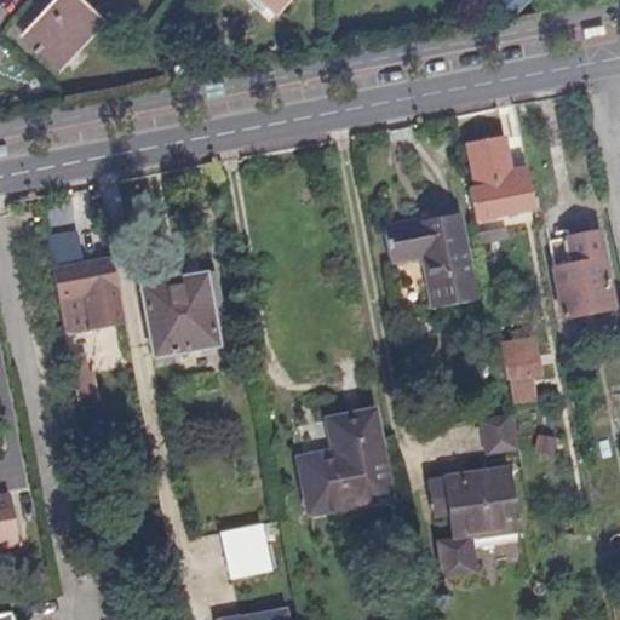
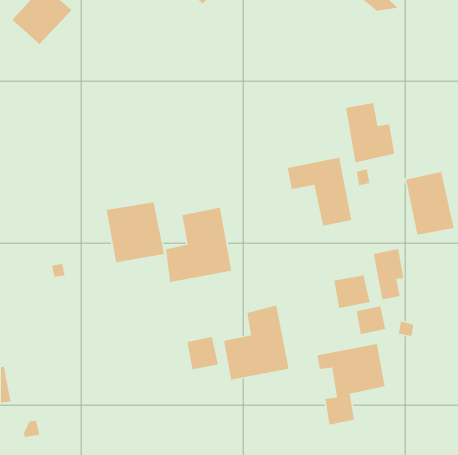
building: [46,231,126,332] -> none
building: none -> [165,207,232,283]
building: none -> [333,275,370,309]
building: [224,523,268,569] -> [186,336,219,370]

